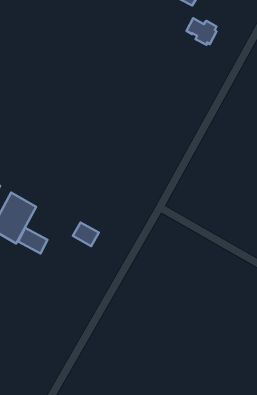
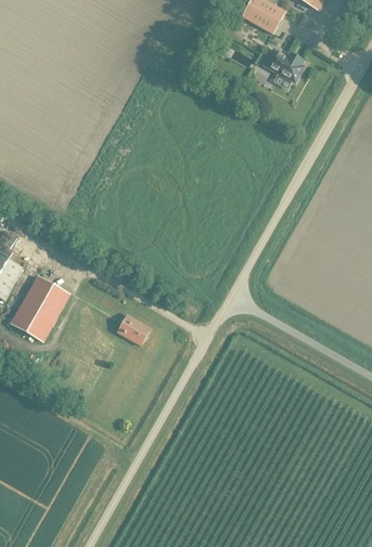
building: [18,228,48,254] -> none

